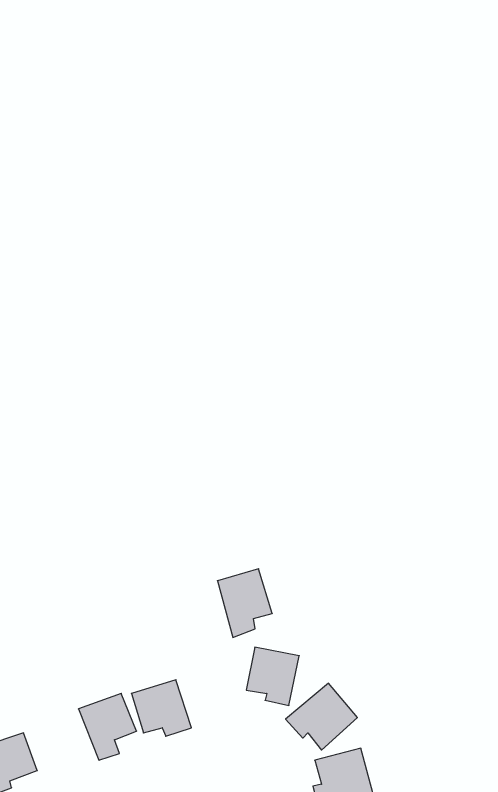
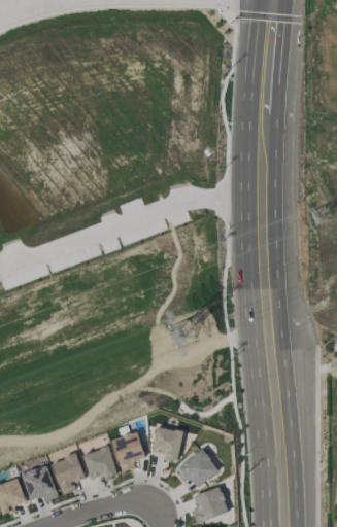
building: [217,569,272,637] -> [111,431,144,472]
building: none -> [20,464,58,501]

